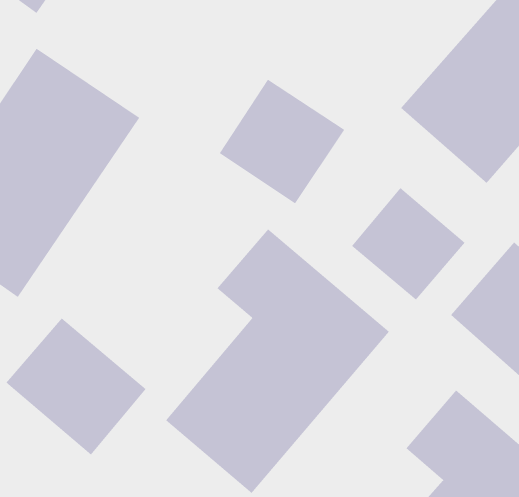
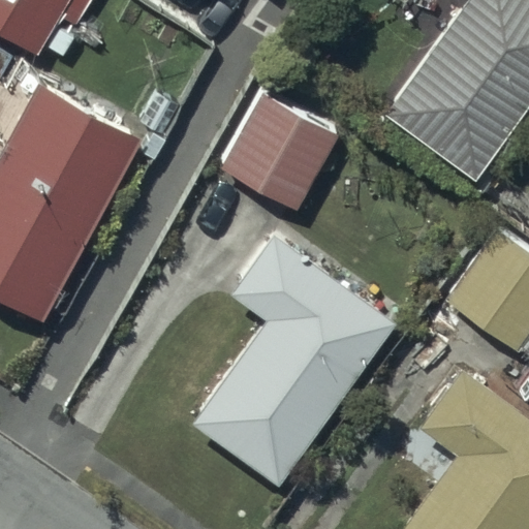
building: [351,187,466,300] -> none
building: [5,317,146,455] -> none

